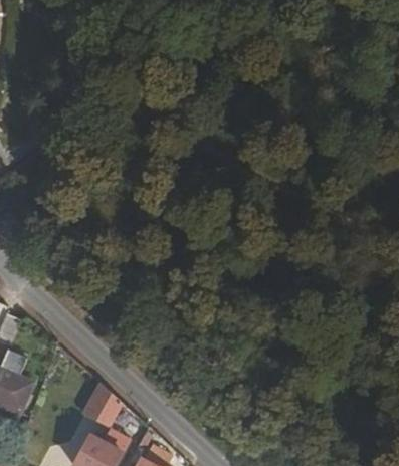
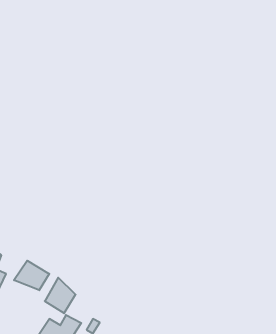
building: none -> [14,261,49,290]

